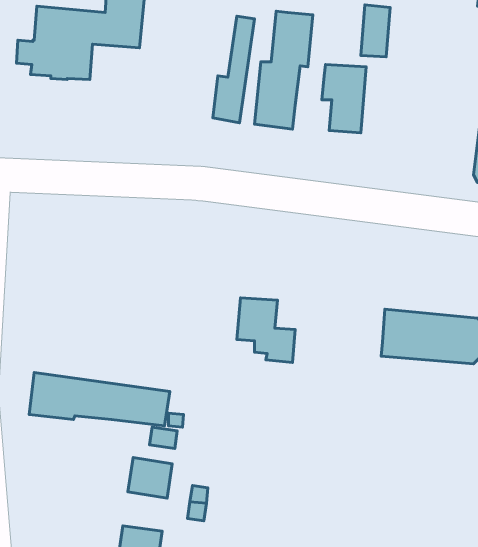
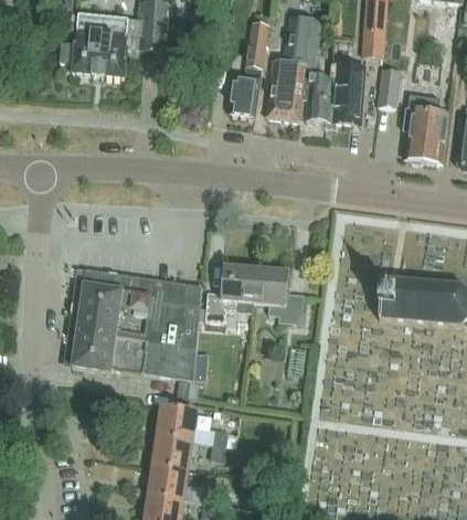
building: none -> [304,64,332,121]
building: none -> [376,67,400,107]
building: none -> [402,93,447,162]
building: none -> [205,264,256,320]
building: none -> [76,272,202,348]
building: none -> [153,435,192,469]

